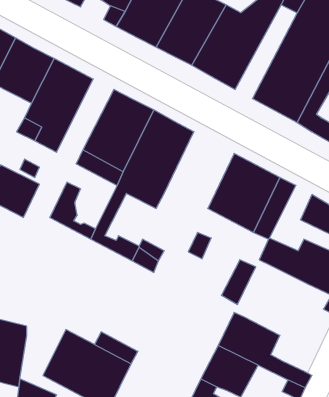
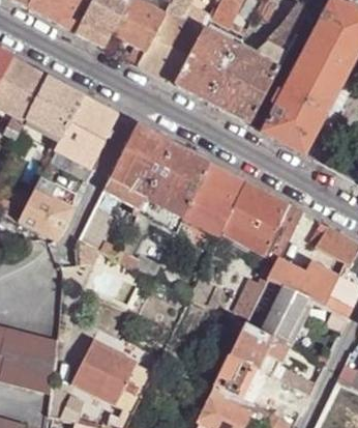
building: none -> [182,162,245,237]
building: none -> [255,283,311,346]

